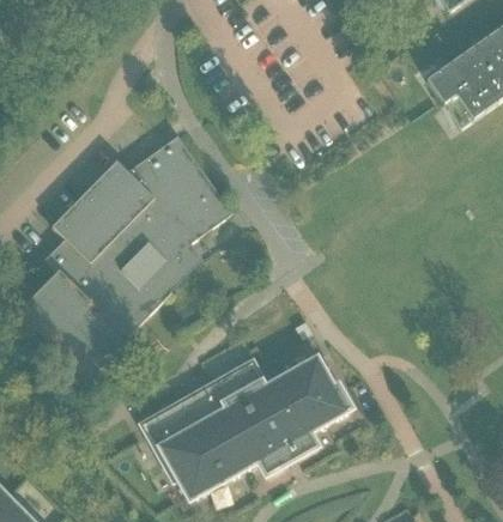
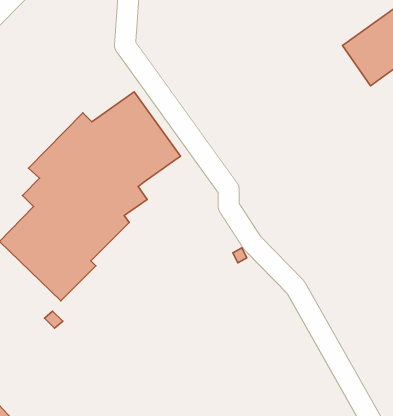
building: [140,356,351,499] -> none

